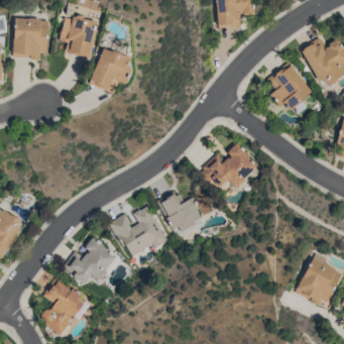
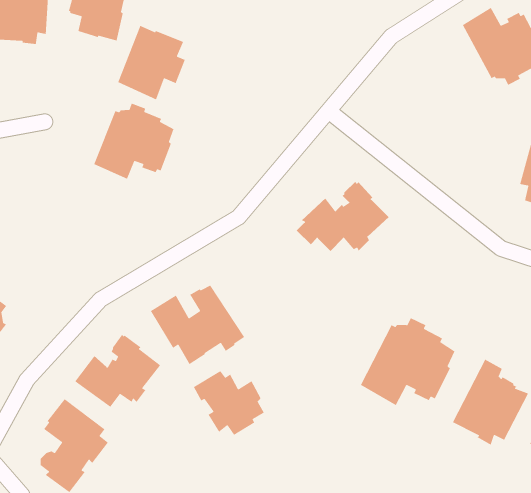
building: [267,62,311,110] -> none
building: none -> [93,103,175,180]
building: [156,191,201,231] -> [193,370,265,436]
building: none -> [360,317,456,406]

